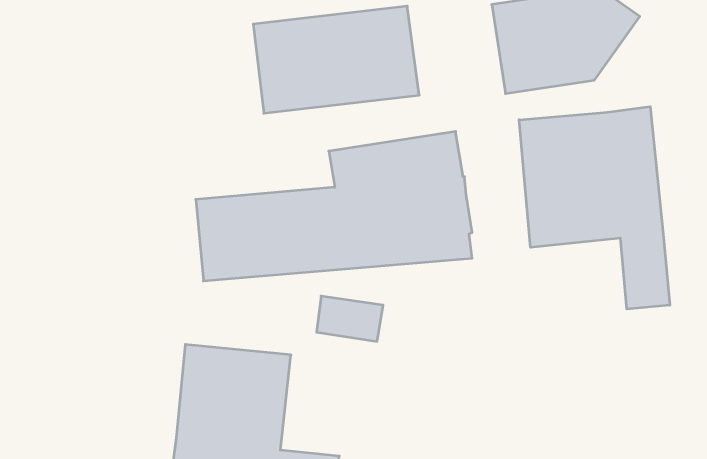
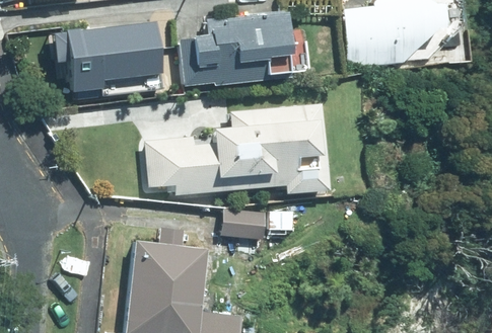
building: none -> [69,18,161,91]
building: [519,107,670,309] -> none

